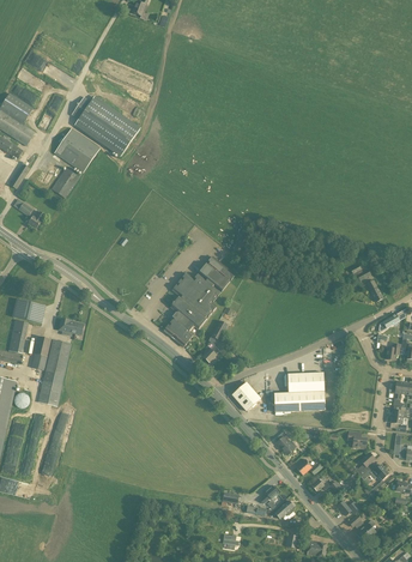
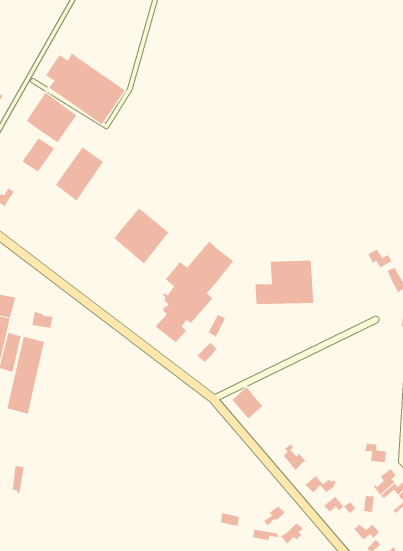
building: none -> [55,146,104,201]
building: none -> [113,208,169,265]
building: [273,371,325,410] -> [255,260,314,305]

